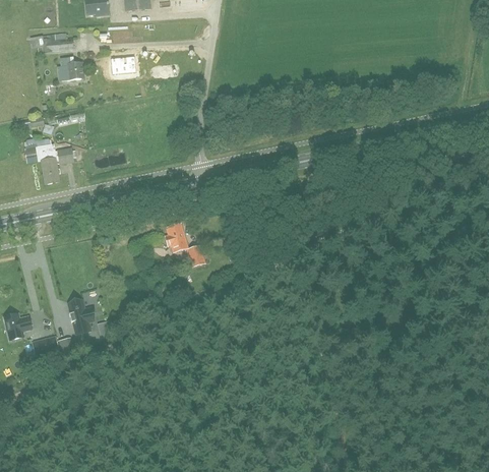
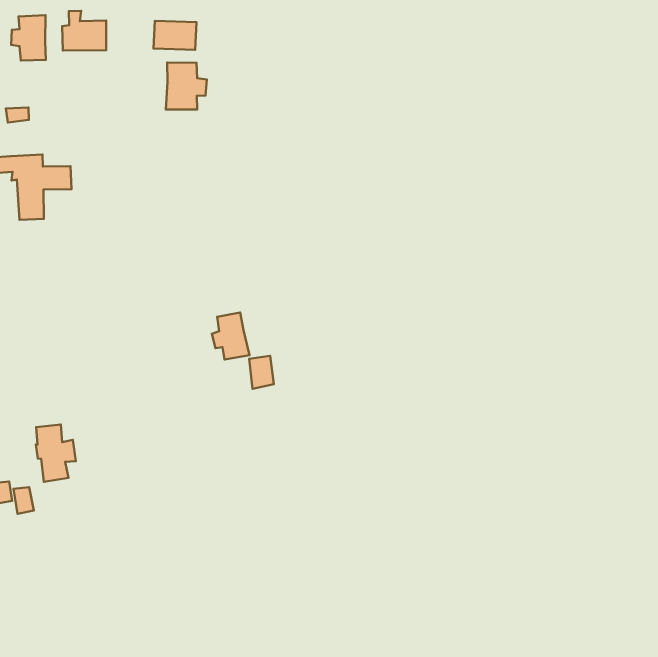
building: none -> [11,15,46,61]
building: none -> [166,63,207,110]

